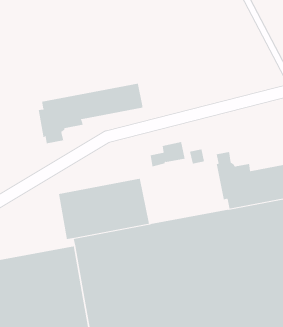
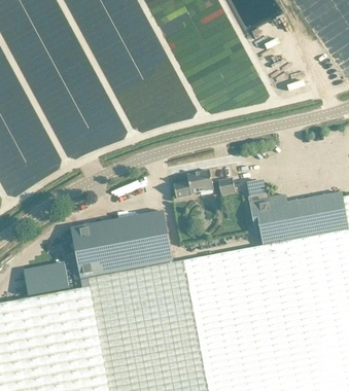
building: [38,83,143,144] -> none
building: none -> [24,264,69,296]

